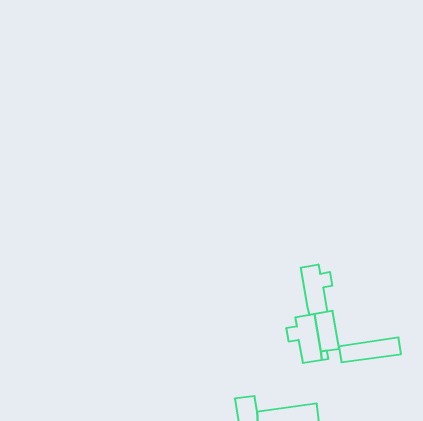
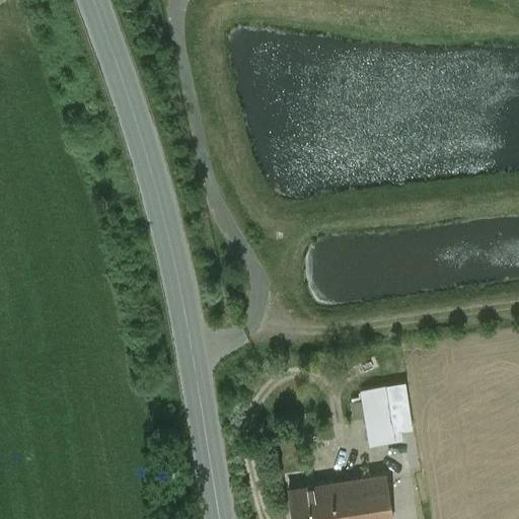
building: [301,264,332,315] -> none
building: [339,337,401,362] -> [311,476,387,507]

